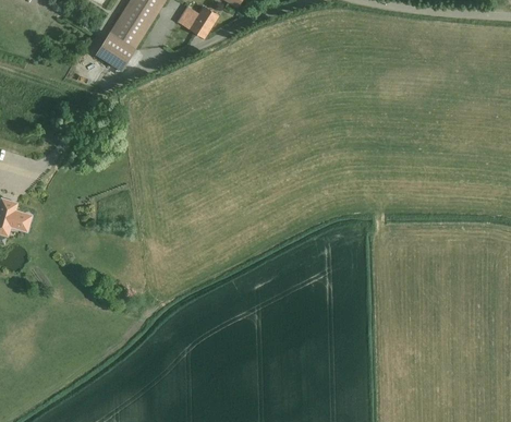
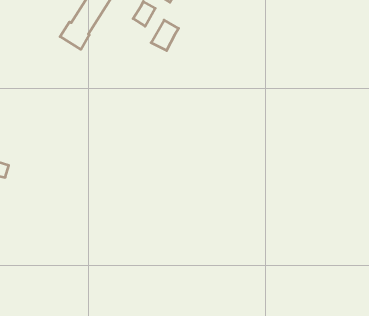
building: none -> [151,20,179,51]

